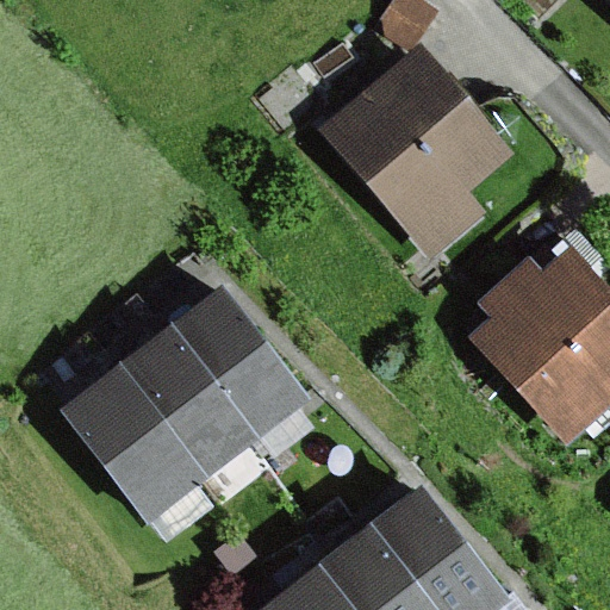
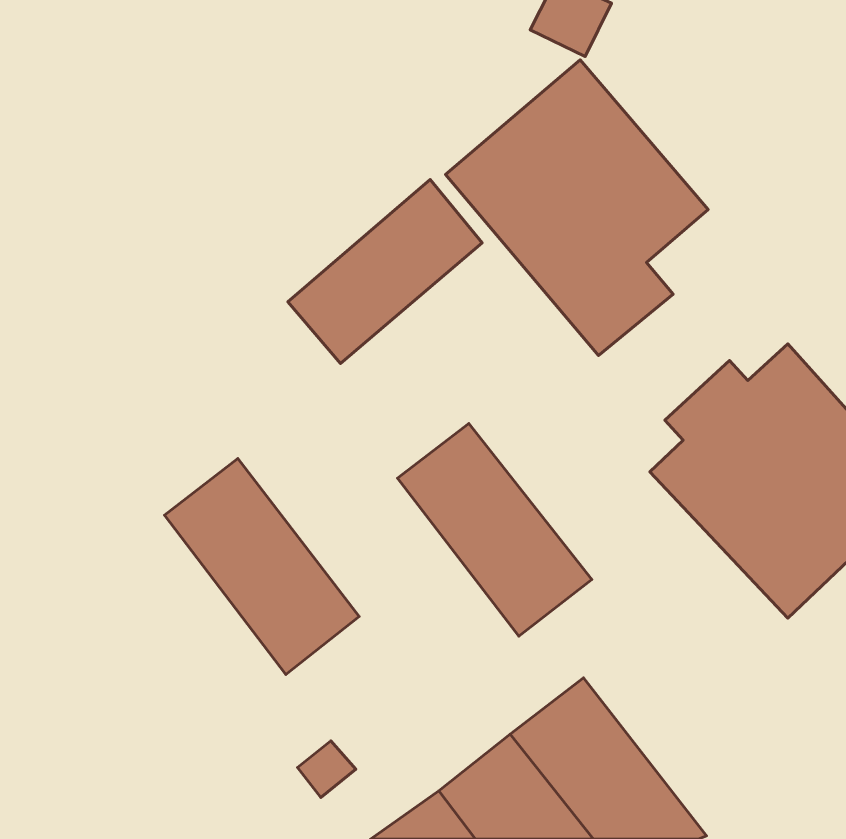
building: none -> [288,180,482,364]
building: [173,290,312,442] -> [397,423,592,636]
building: [62,369,207,528] -> none

